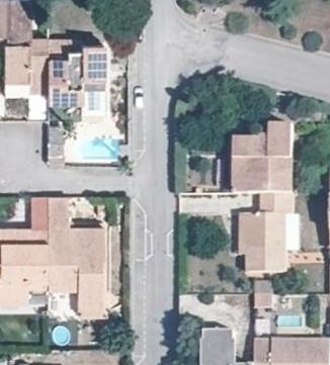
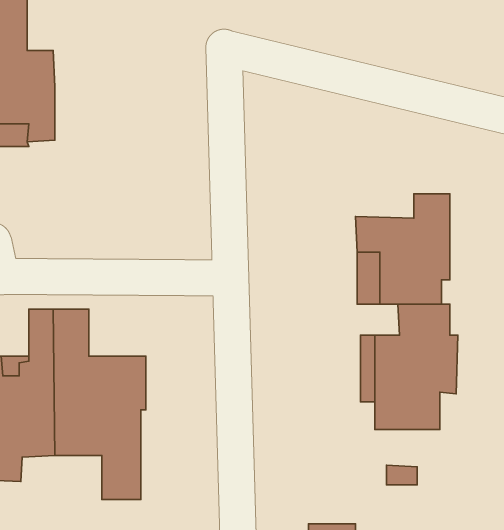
building: [47,43,103,112] -> none

